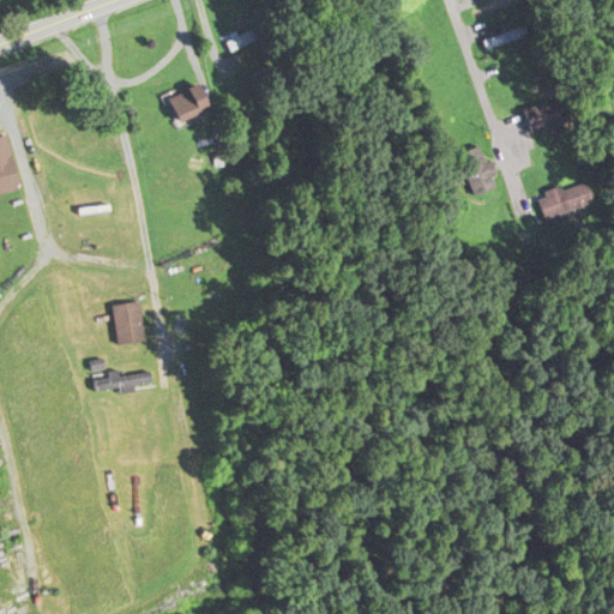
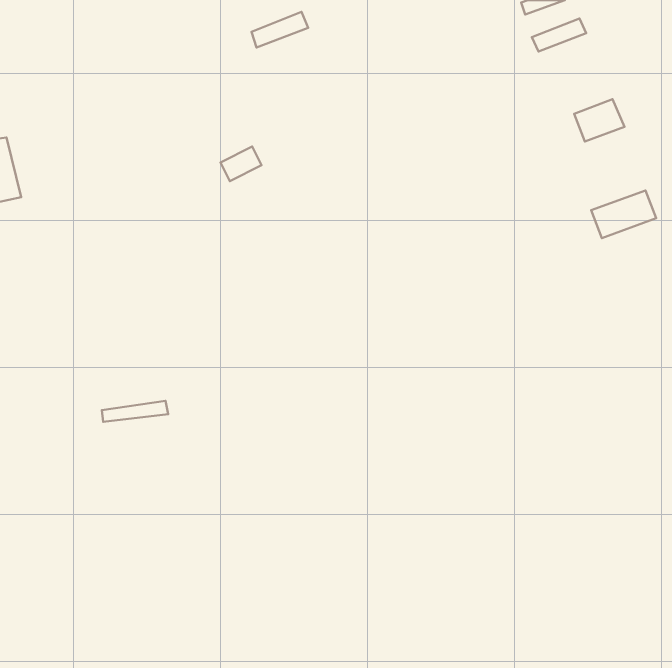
building: [169,82,206,113] -> [220,147,262,181]
building: [457,148,495,198] -> none
building: [112,297,146,343] -> none

